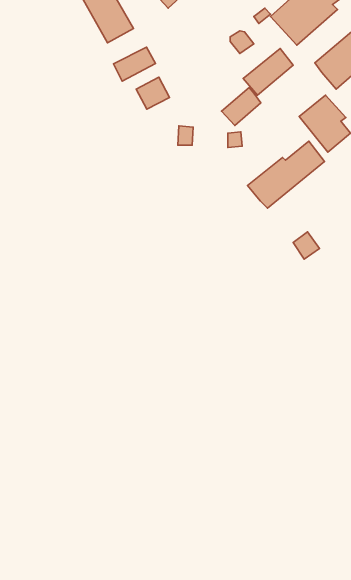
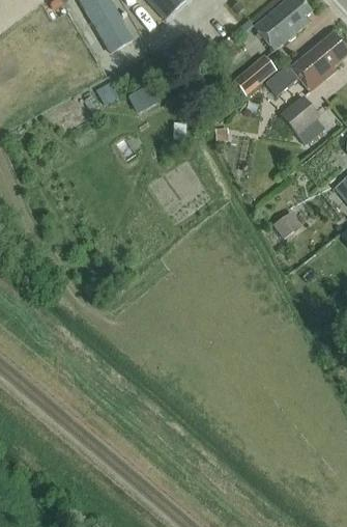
building: [113,47,155,81] -> none
building: [222,87,261,125] -> [264,62,298,95]
building: [248,141,325,208] -> none

